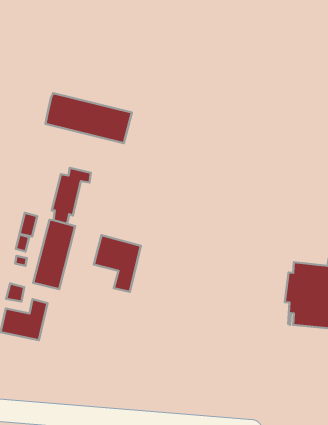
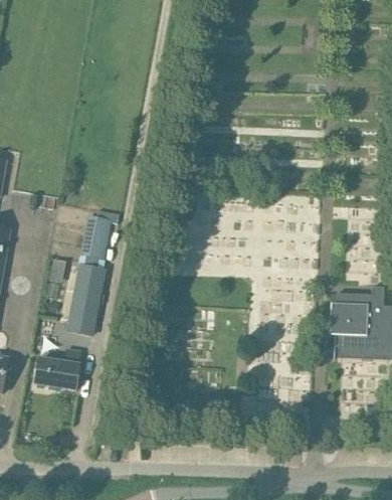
building: [45,93,132,143] -> none
building: [94,235,141,292] -> none

